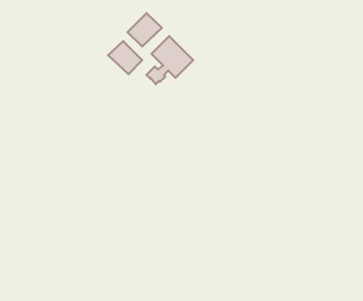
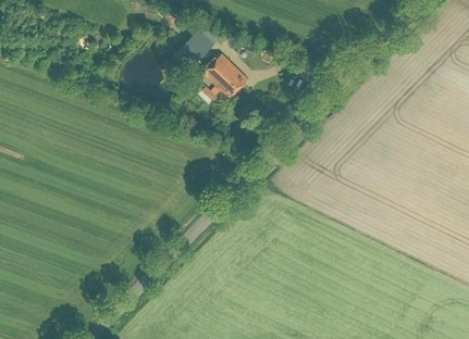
building: [108,41,142,74] -> none

